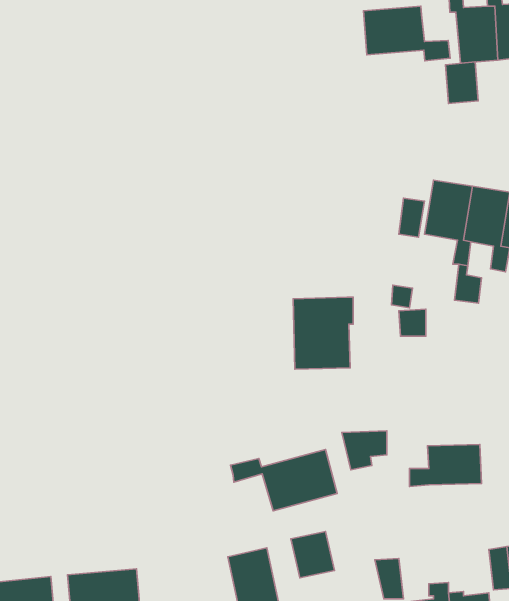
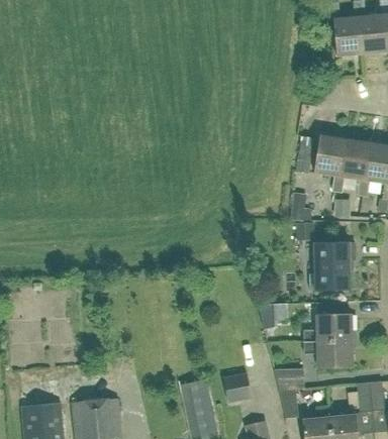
building: [364,6,450,61] -> none
building: [446,62,478,103] -> none
building: [293,297,353,369] -> [312,241,353,290]
building: [230,449,337,511] -> none
building: none -> [303,339,354,367]
building: none -> [275,369,304,391]

